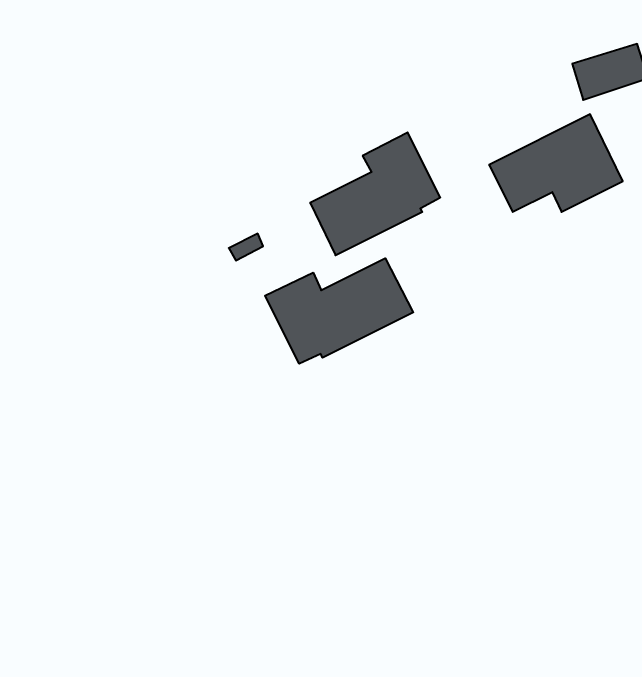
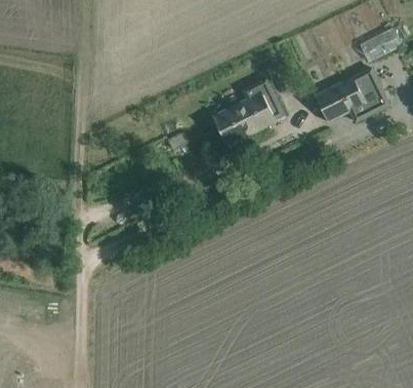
building: [265,258,413,364] -> none

